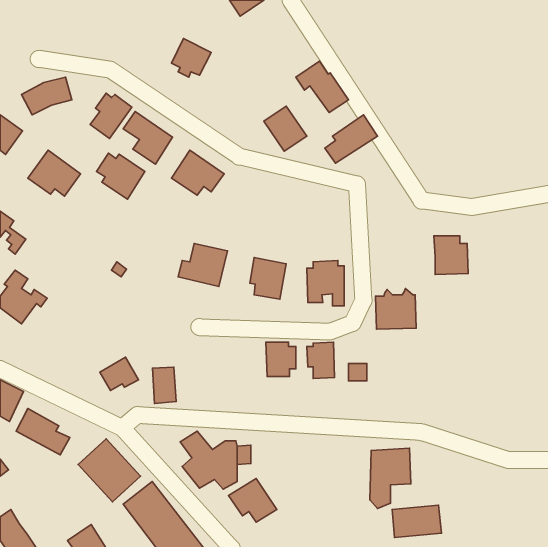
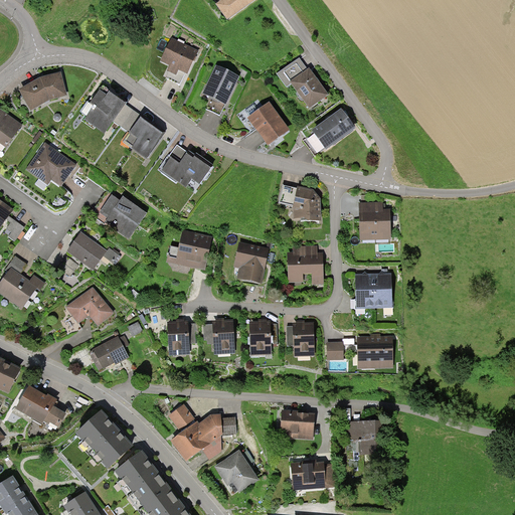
building: none -> [203,64,239,114]
building: [97,153,145,199] -> [101,193,146,236]
building: none -> [279,184,321,219]
building: [434,236,468,275] -> [359,201,391,237]
building: none -> [67,231,106,268]
building: none -> [66,285,114,325]
building: none -> [205,320,235,354]
building: none -> [358,337,394,369]
building: [152,367,176,404] -> [168,322,190,356]
building: none -> [281,412,316,440]
building: [392,505,442,537] -> [292,460,338,490]

